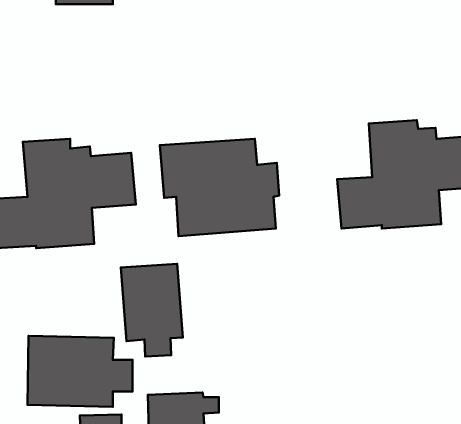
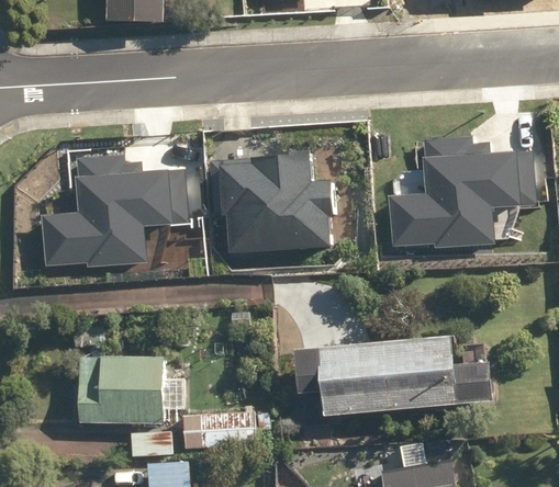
building: [121,264,183,356] -> none
building: none -> [291,332,491,415]

